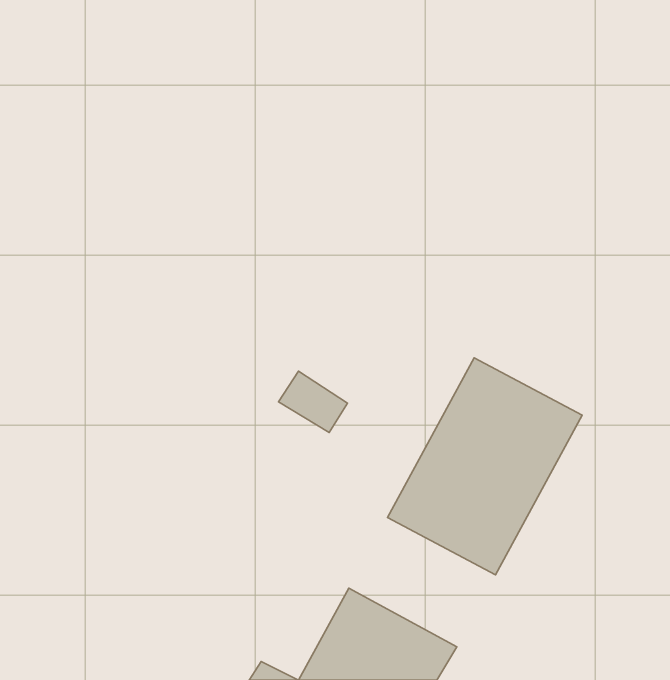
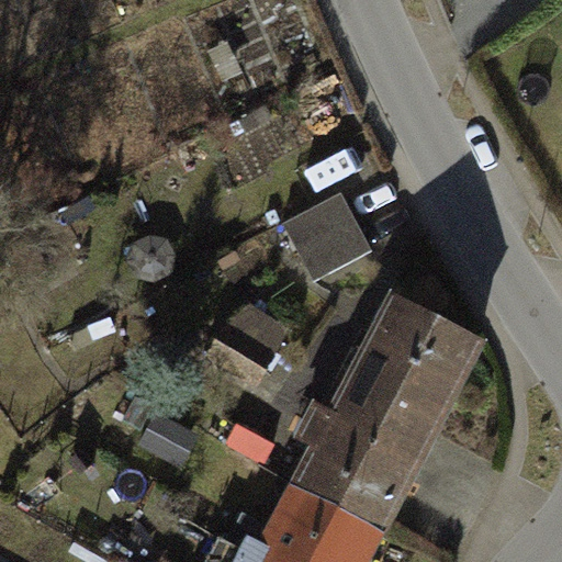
building: none -> [283,192,371,281]
building: none -> [288,427,408,533]

